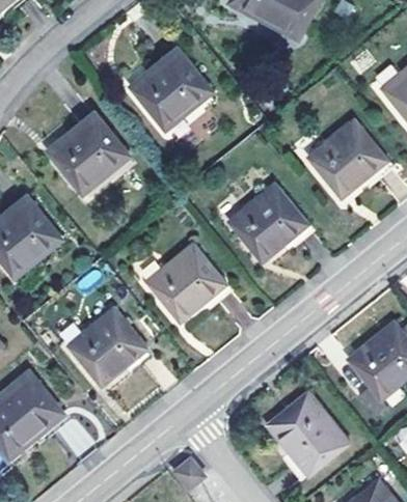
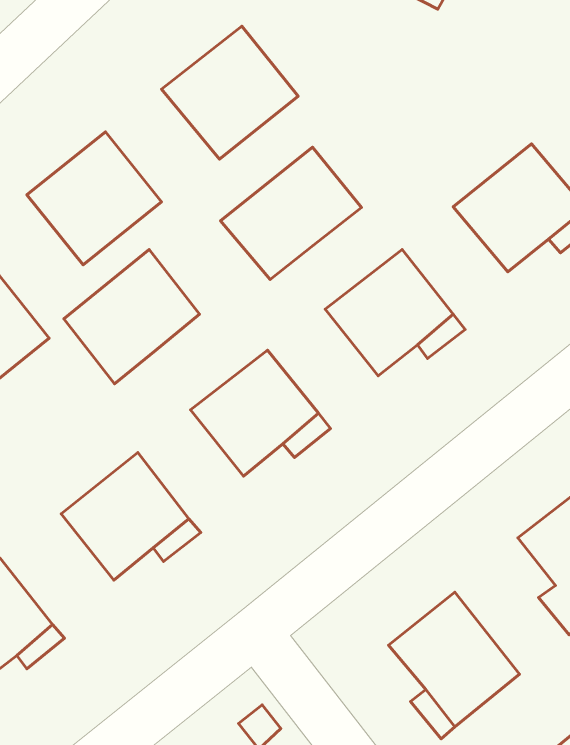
building: none -> [221,147,361,280]
building: none -> [64,249,199,384]

